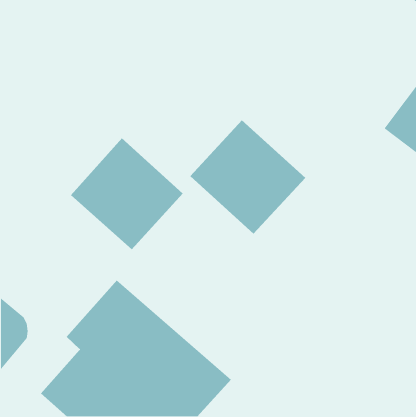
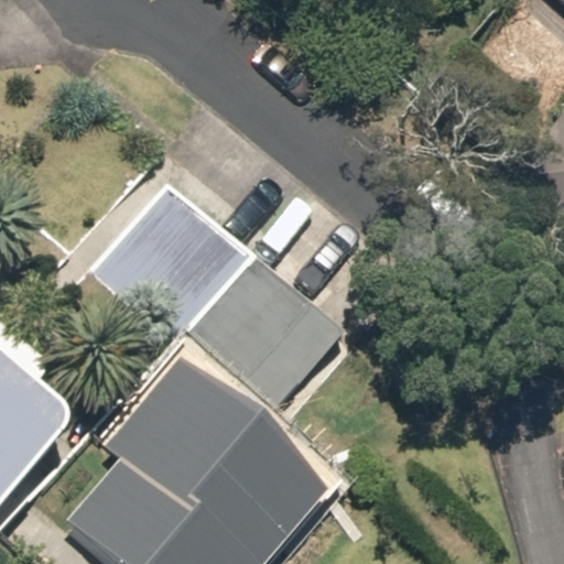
building: [189,119,306,235] -> [189,260,344,412]

